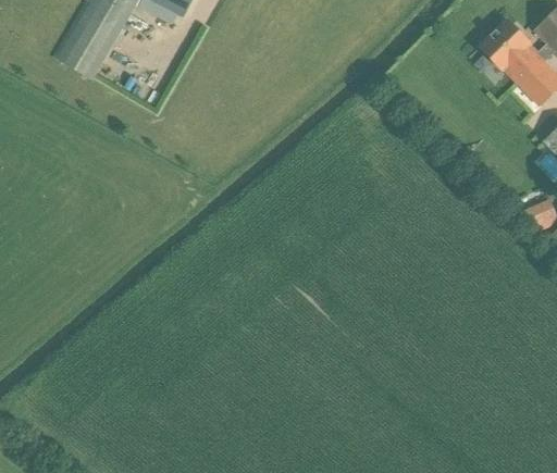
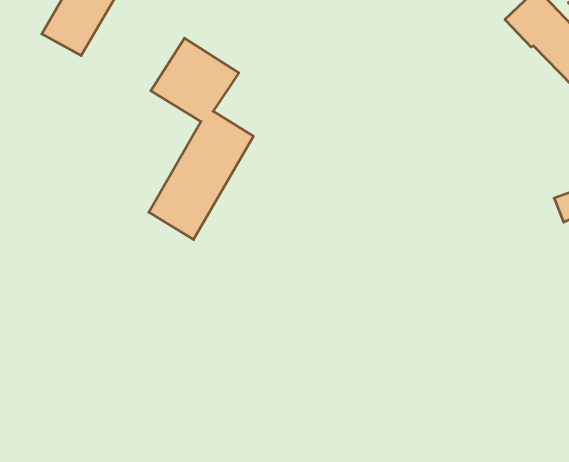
building: none -> [149,38,253,240]

